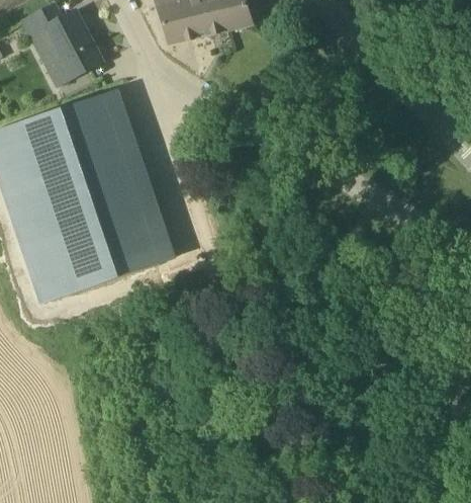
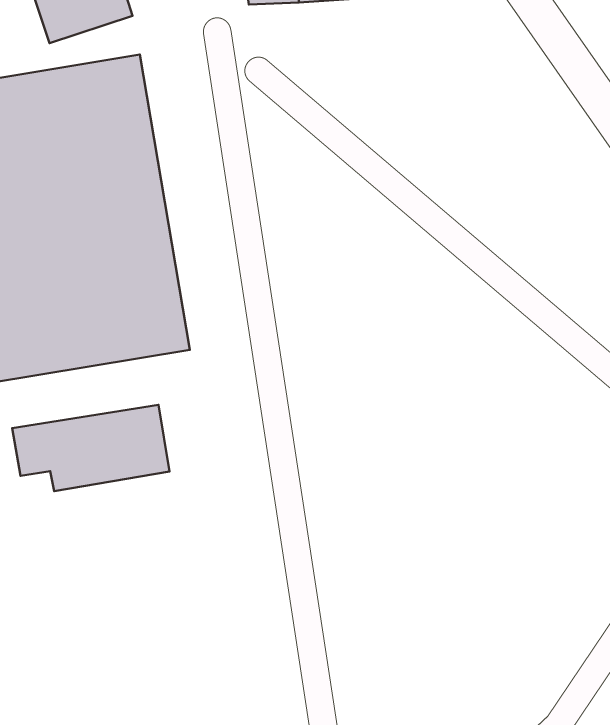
building: none -> [12,405,170,491]

